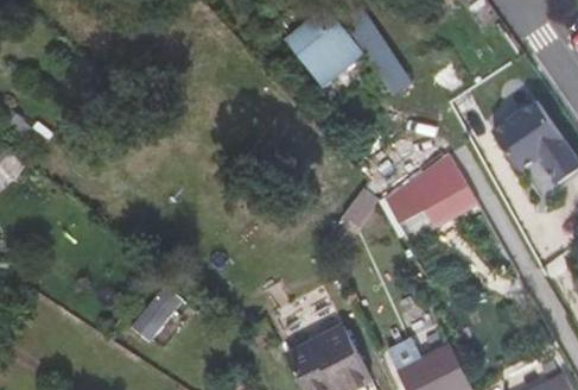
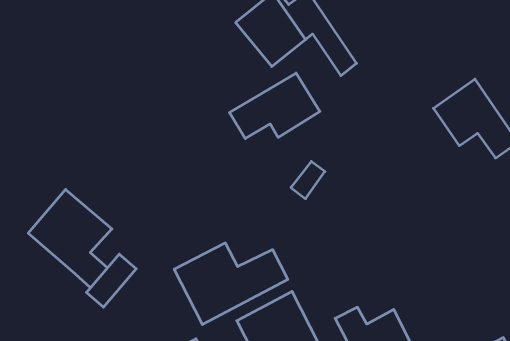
building: [382,155,477,224] -> [229,73,320,139]
building: none -> [28,189,112,288]
building: none -> [174,243,288,325]

